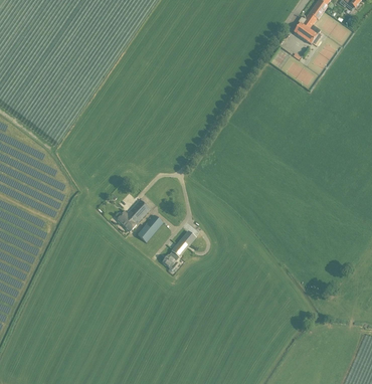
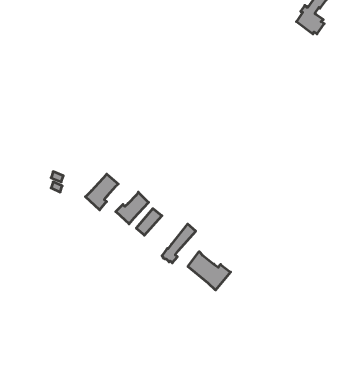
building: none -> [85,174,118,210]
building: none -> [188,252,231,290]

